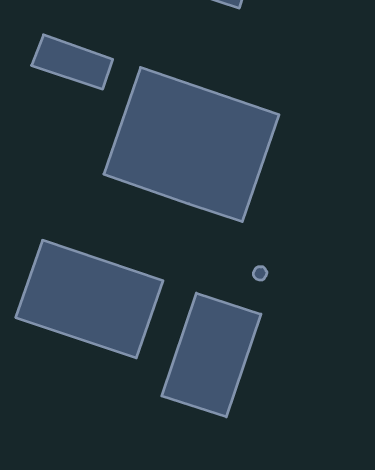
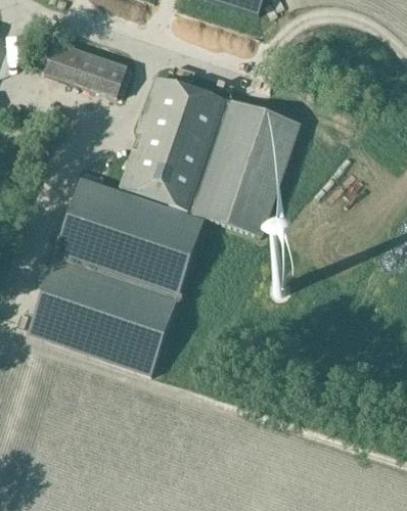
building: none -> [54,174,206,295]
building: [162,293,261,417] -> none

